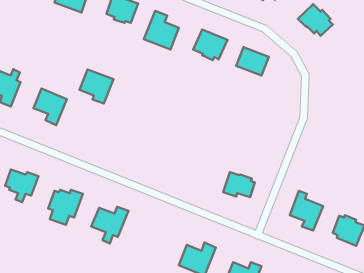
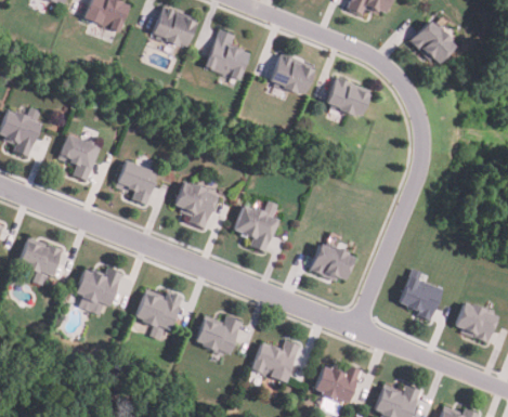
building: [79,69,113,103] -> [114,159,159,205]
building: none -> [173,181,219,227]
building: none -> [232,199,278,252]
building: none -> [194,316,242,355]

